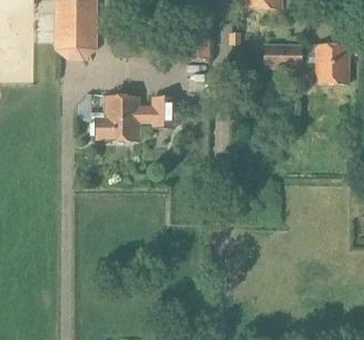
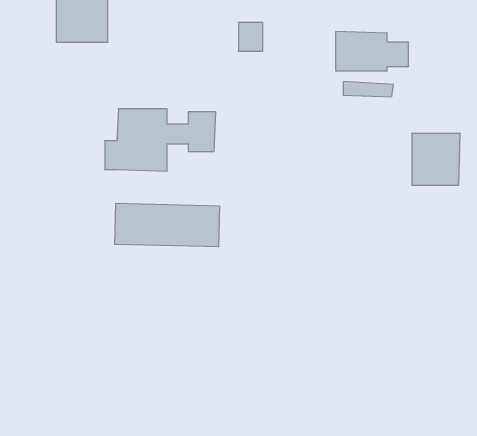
building: [313,45,349,83] -> [412,133,460,185]
building: none -> [115,203,219,247]

